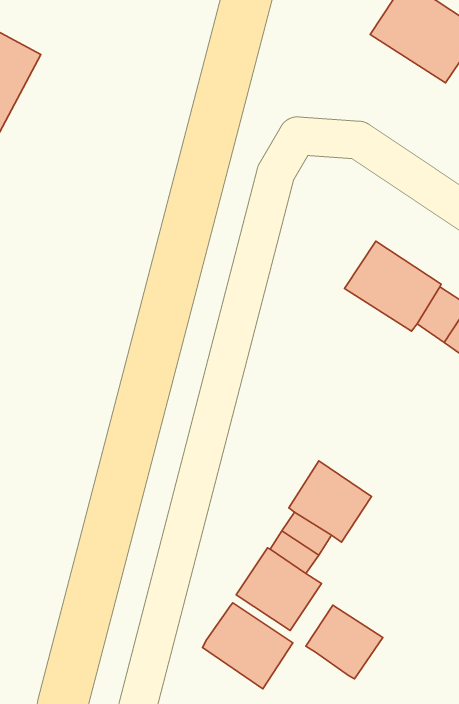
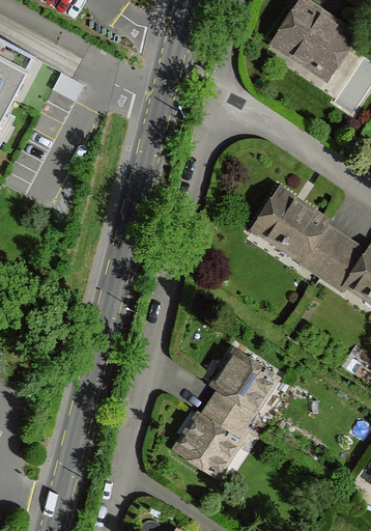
building: [202,603,293,689] -> none
building: [306,605,383,679] -> none

